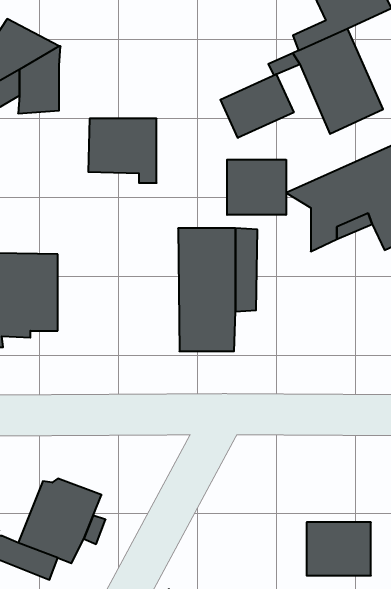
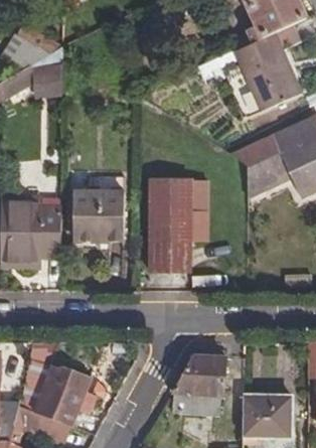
building: [220,74,294,138] -> none
building: [88,119,157,183] -> [72,193,123,241]
building: [227,160,286,215] -> none
building: none -> [172,357,226,416]

